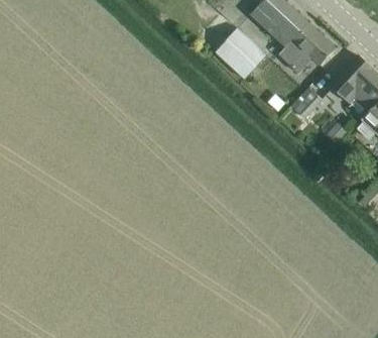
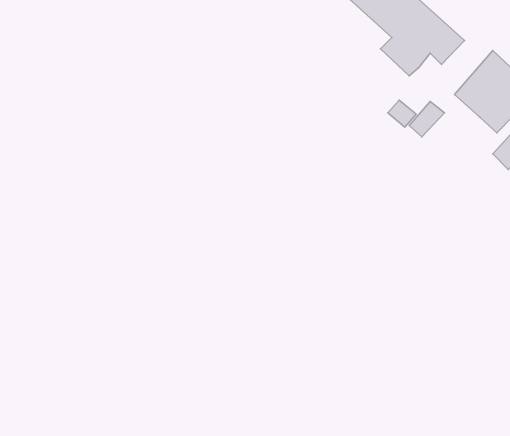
building: [216,26,268,79] -> none

